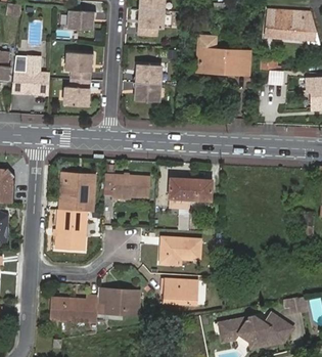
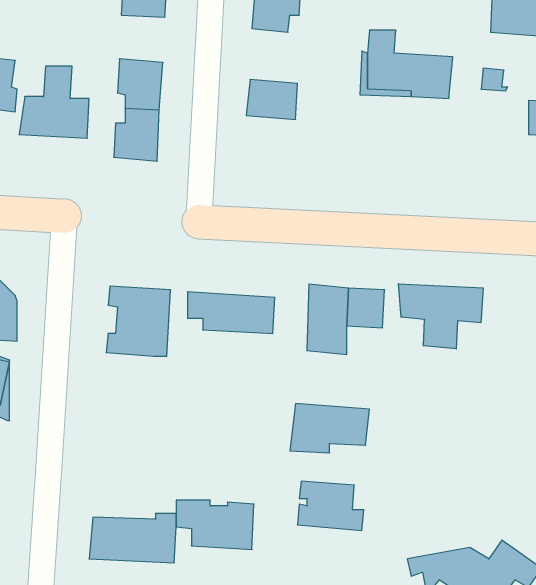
building: [134,82,162,101] -> none
building: none -> [399,284,483,349]
building: [55,210,85,251] -> none

